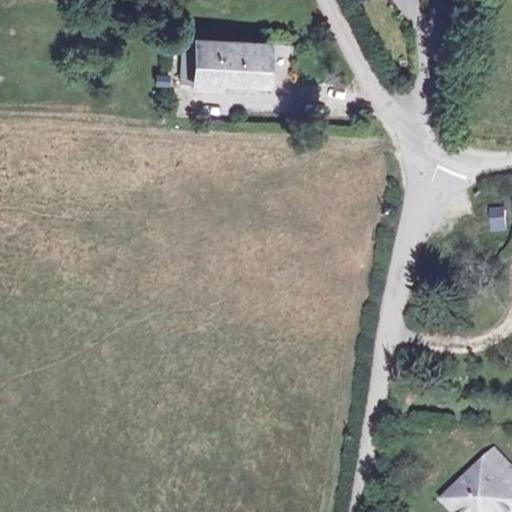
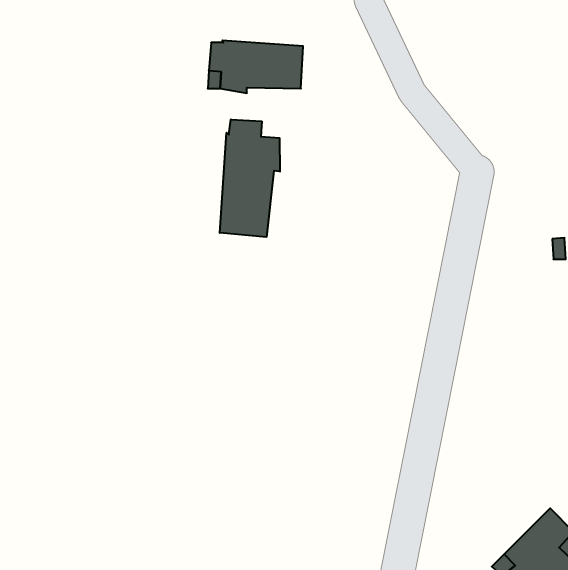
building: none -> [220,119,280,237]

